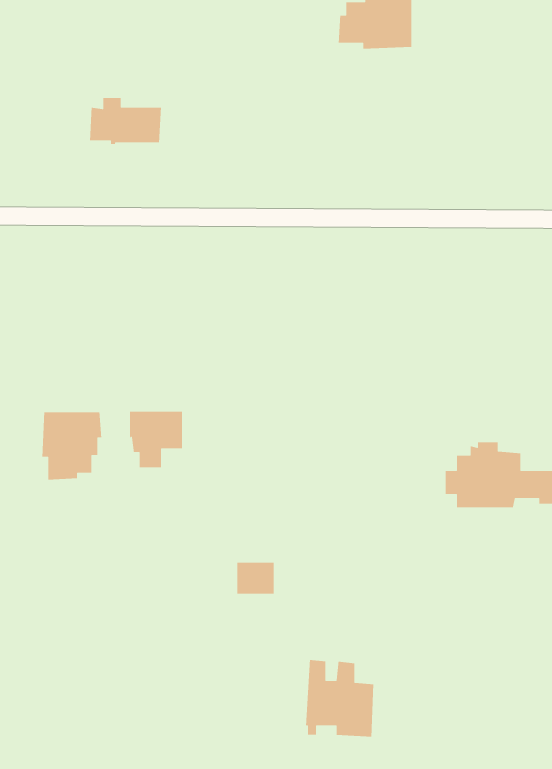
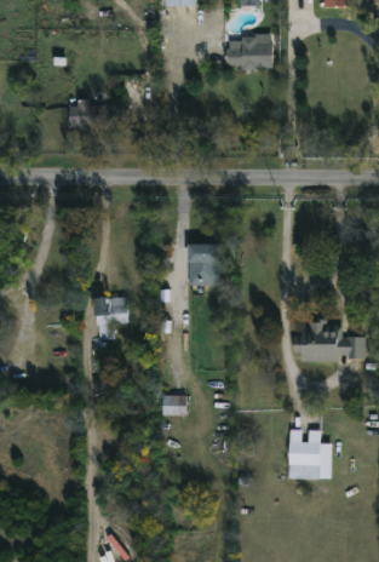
building: none -> [186,245,218,285]
building: [41,412,102,481] -> none
building: [305,659,374,737] -> [288,428,332,477]

